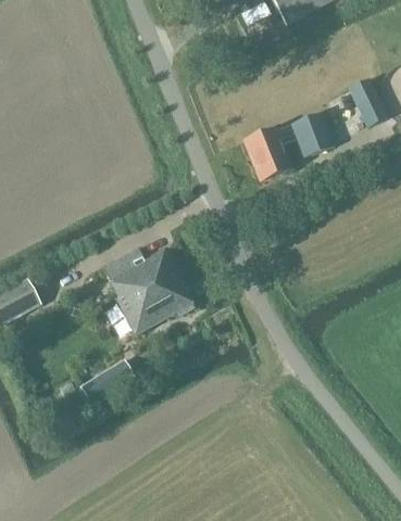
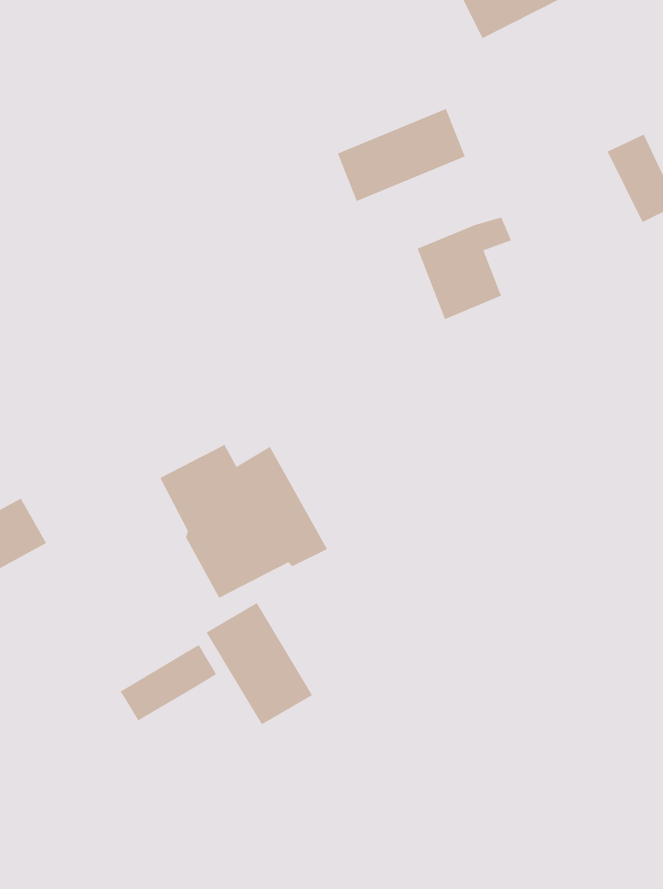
building: none -> [337,108,465,202]
building: [291,111,336,157] -> none
building: none -> [206,602,313,725]

